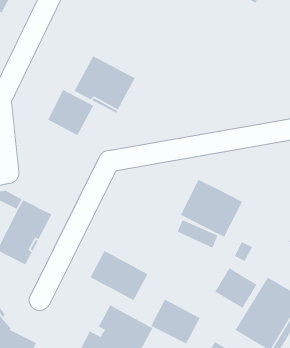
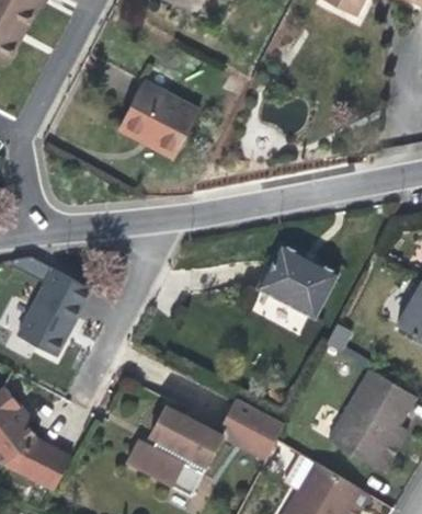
building: [47,89,94,136] -> none
building: [89,250,149,301] -> none
building: [214,267,257,309] -> none

